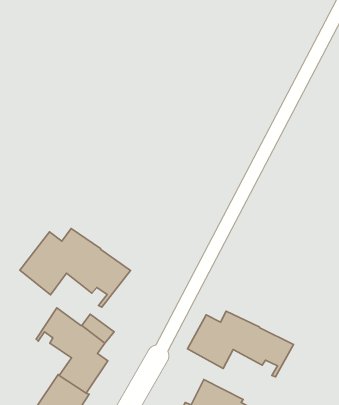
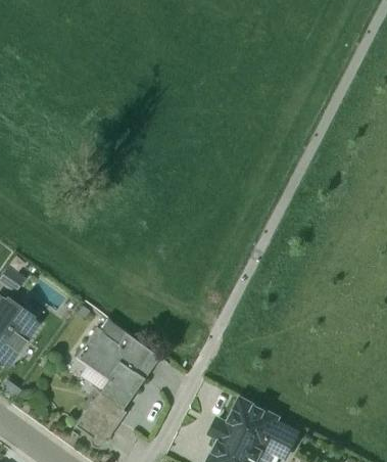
building: [20,229,130,307] -> none
building: [188,311,294,377] -> none

